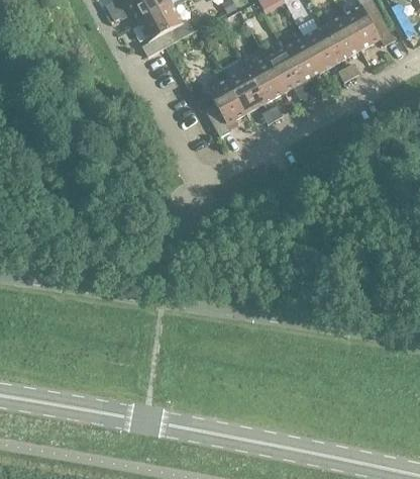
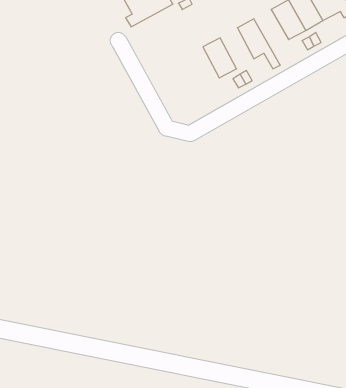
building: [284,37,322,99] -> none
building: [246,58,284,103] -> none
building: [204,79,245,136] -> none

